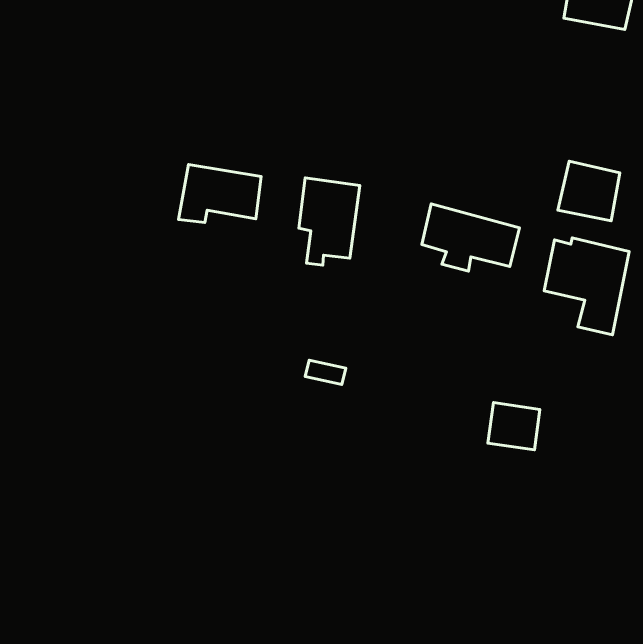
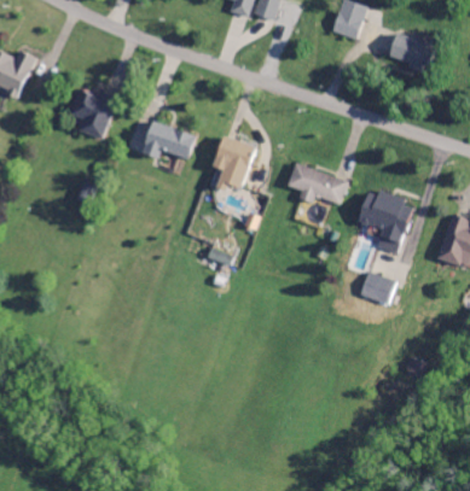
building: none -> [69,89,117,139]
building: [558,161,620,221] -> none
building: [488,403,540,450] -> [361,271,395,303]

